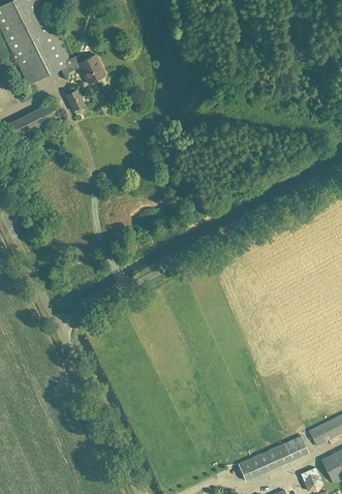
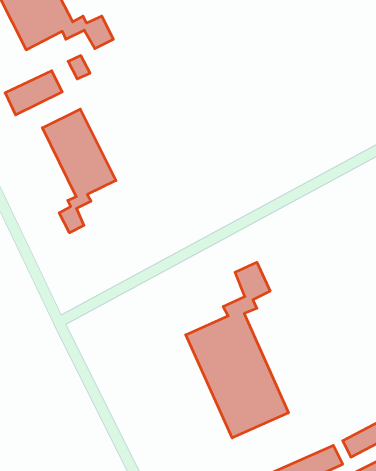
building: none -> [42,109,116,233]
building: none -> [186,262,288,438]

